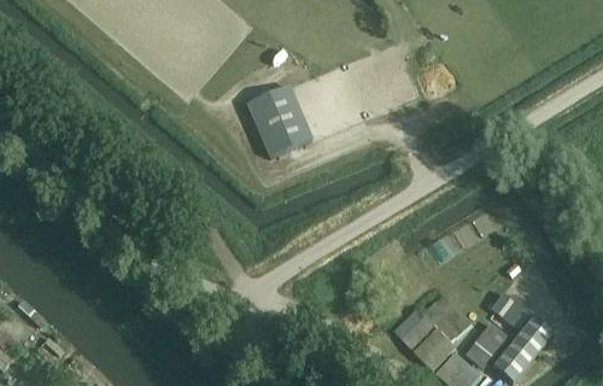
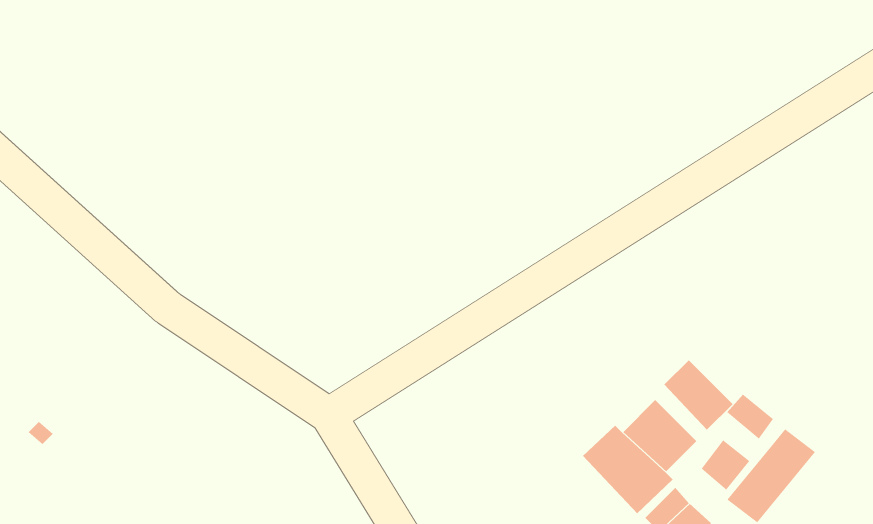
building: [247,86,312,157] -> none
building: none -> [664,359,734,431]

